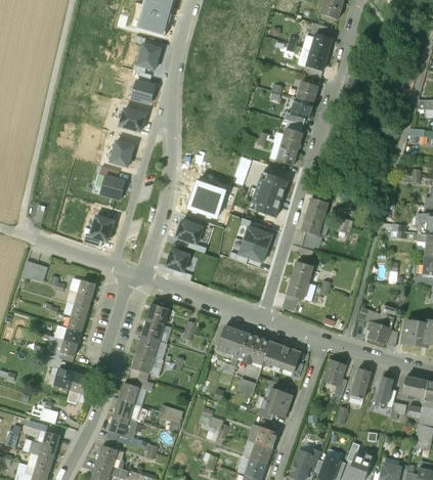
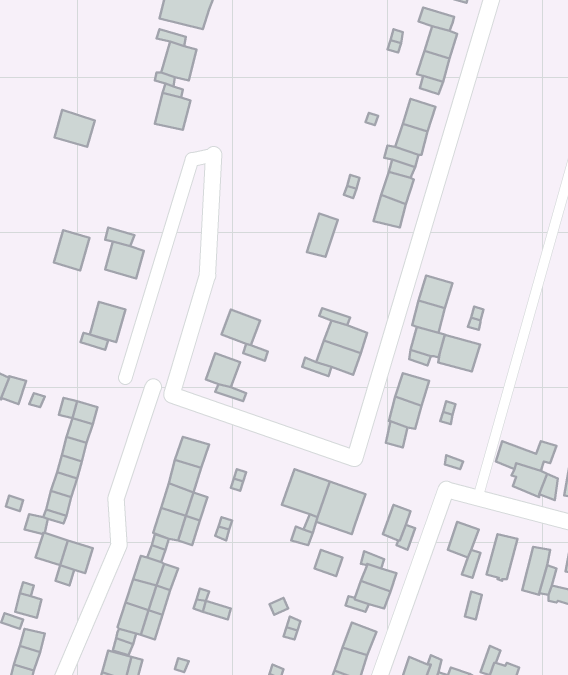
building: [118,106,144,131] -> [55,110,95,147]
building: [110,139,133,166] -> [54,230,89,270]
building: [252,173,289,217] -> none
building: [185,179,225,218] -> none
building: none -> [438,335,480,371]
building: [264,341,290,367] -> none

